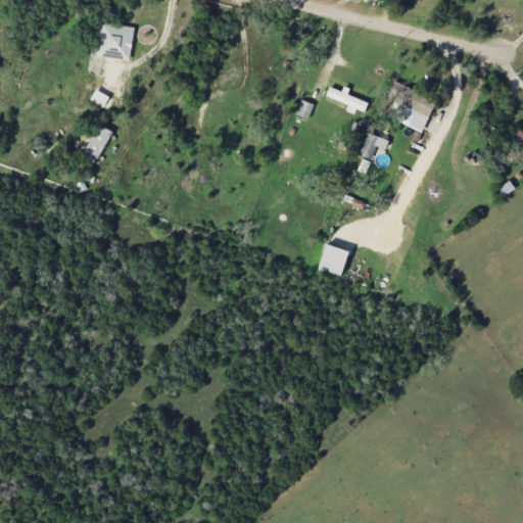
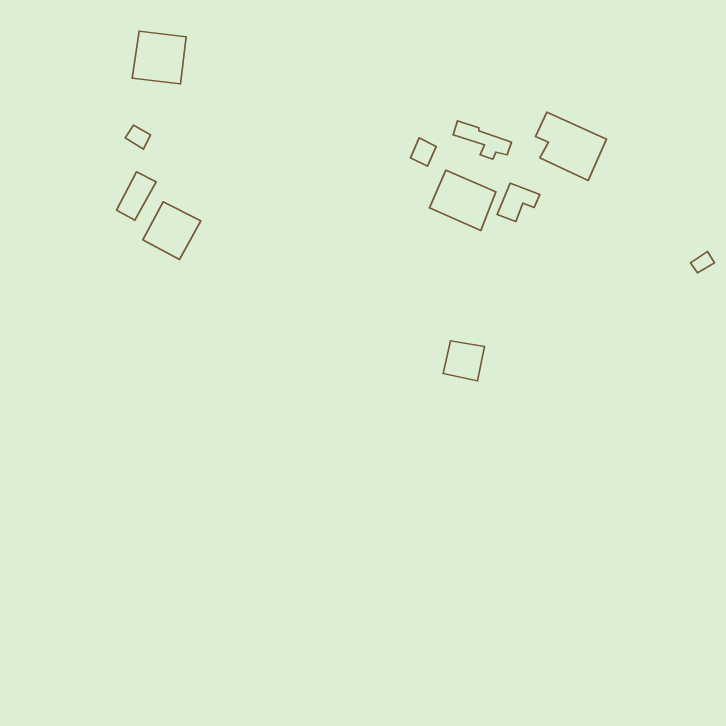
building: none -> [429,170,496,230]
building: none -> [143,202,201,260]

